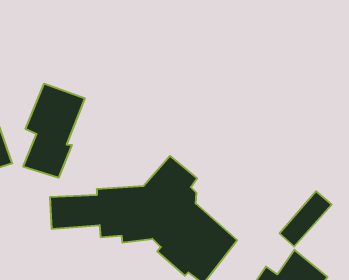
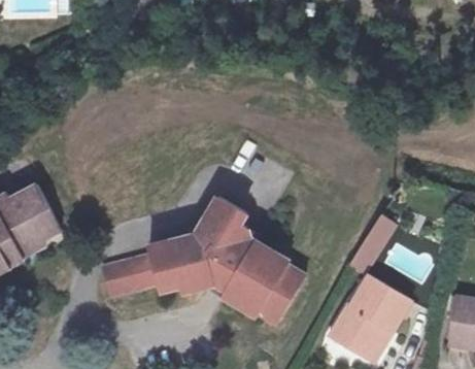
building: [23,84,85,178] -> none

